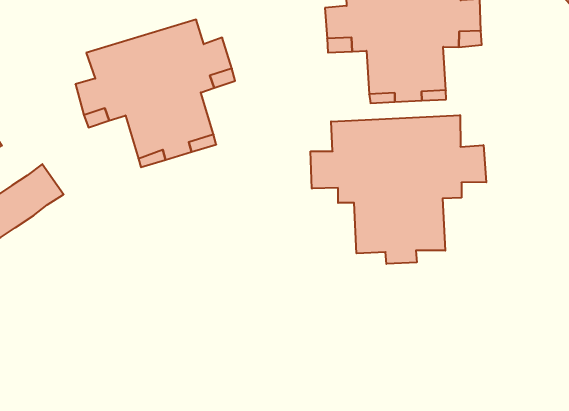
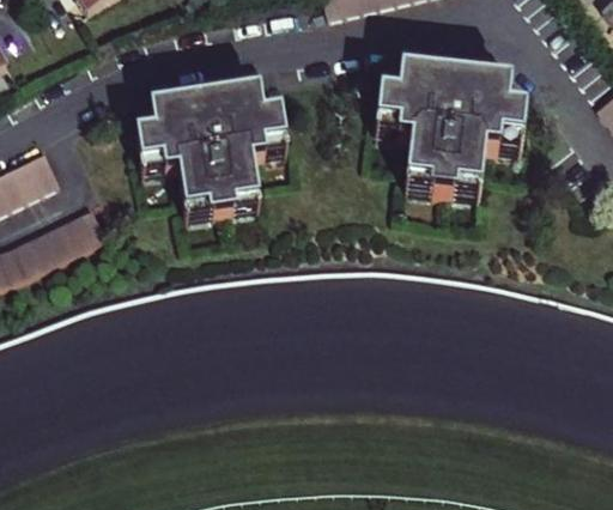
building: [311,115,486,264] -> none

